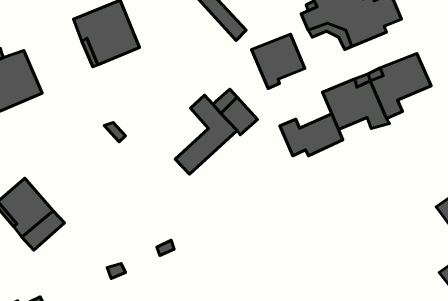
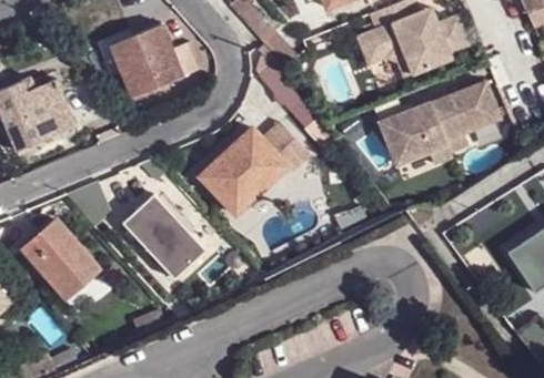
building: [251,34,305,89] -> none
building: none -> [199,143,256,198]
building: [280,114,343,156] -> none
building: none -> [121,193,193,266]

